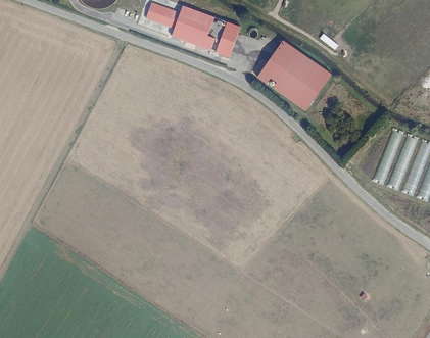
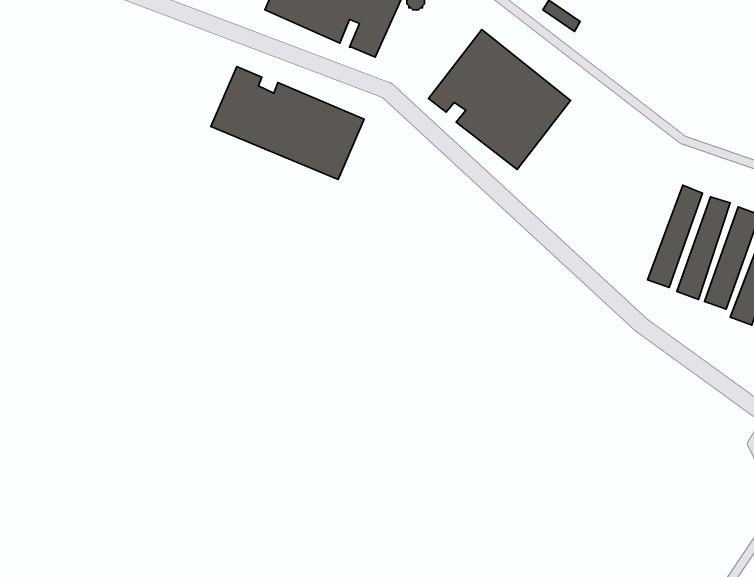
building: none -> [211,66,364,180]

